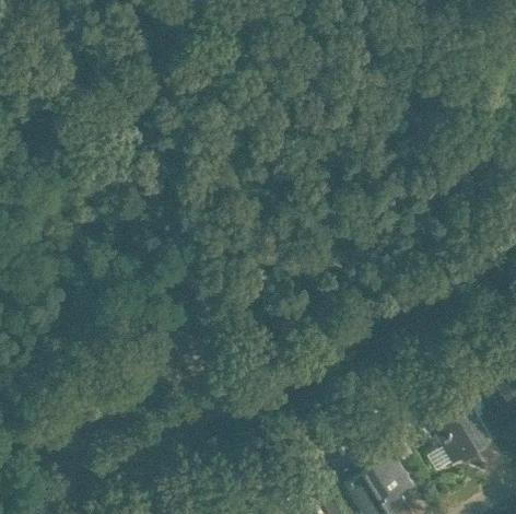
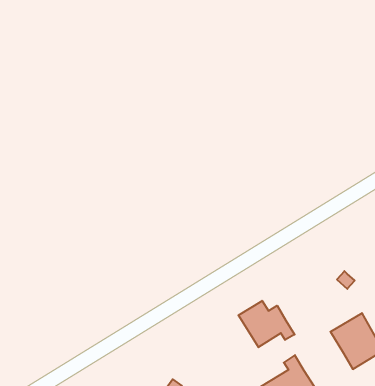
building: none -> [238,301,295,347]

